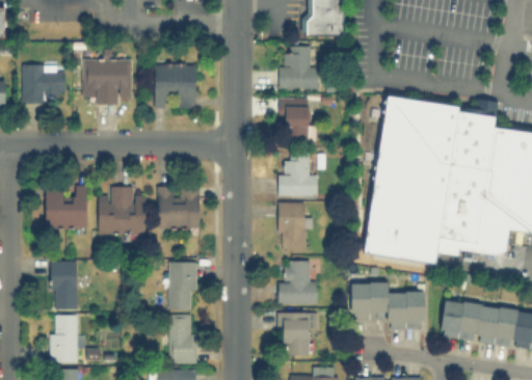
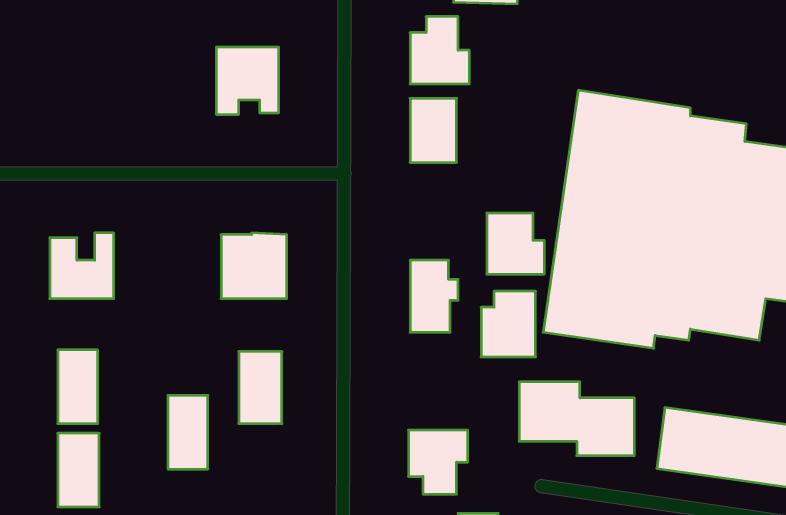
building: [81,60,130,105] -> none
building: [21,65,63,104] -> none
building: [278,157,316,196] -> [487,213,544,274]
building: [97,187,144,235] -> none
building: [277,262,313,304] -> [481,291,536,357]
building: [168,316,194,363] -> [168,395,208,469]

